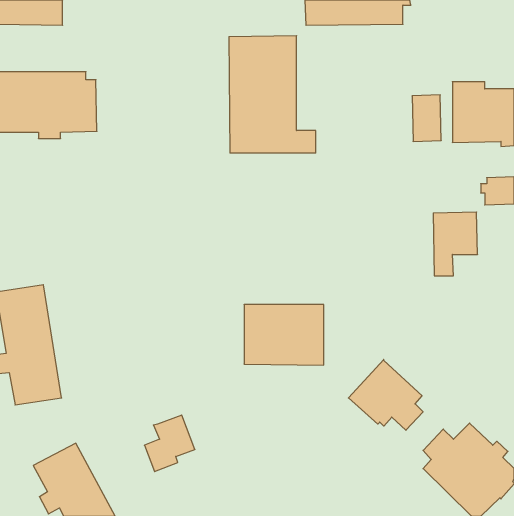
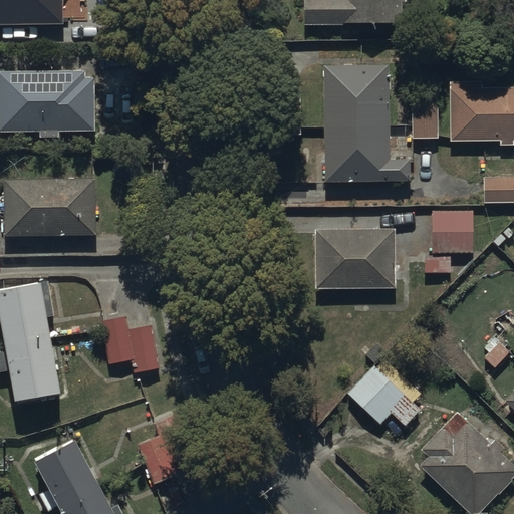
building: [229,36,316,153] -> [323,65,410,182]
building: none -> [4,178,96,235]
building: [244,305,324,365] -> [314,230,394,290]
building: none -> [100,315,160,373]

